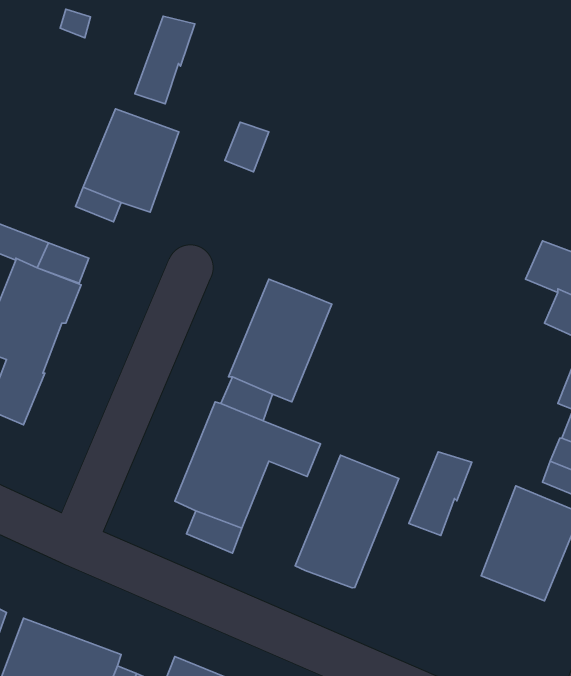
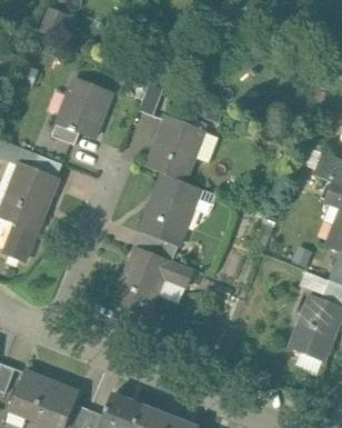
building: [135,16,195,104] -> none
building: none -> [149,117,205,182]
building: [409,452,472,536] -> none
building: [295,455,399,588] -> none

